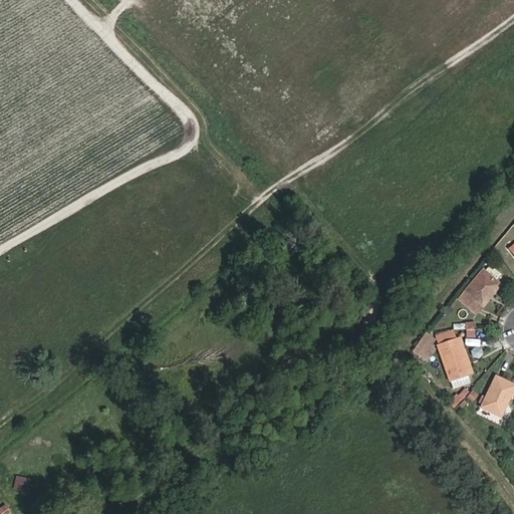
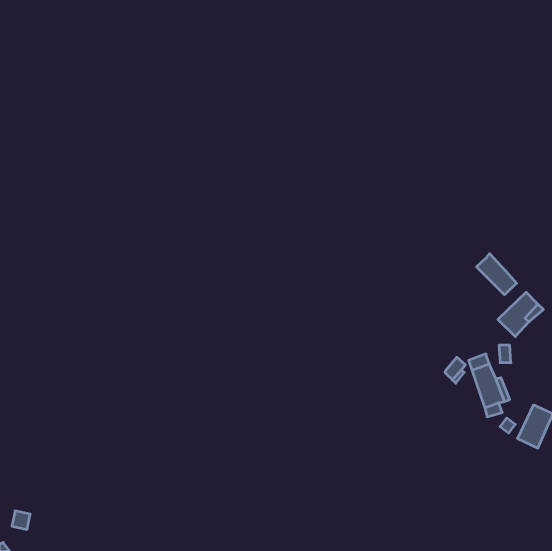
building: none -> [477,254,517,295]

